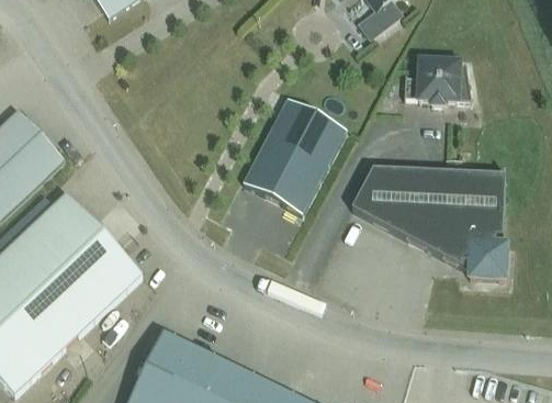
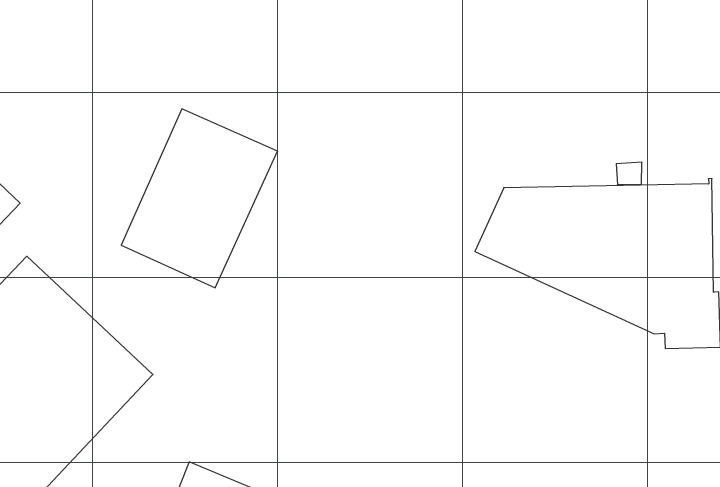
building: [402,56,470,108] -> none
building: [244,98,347,213] -> [121,109,278,288]

